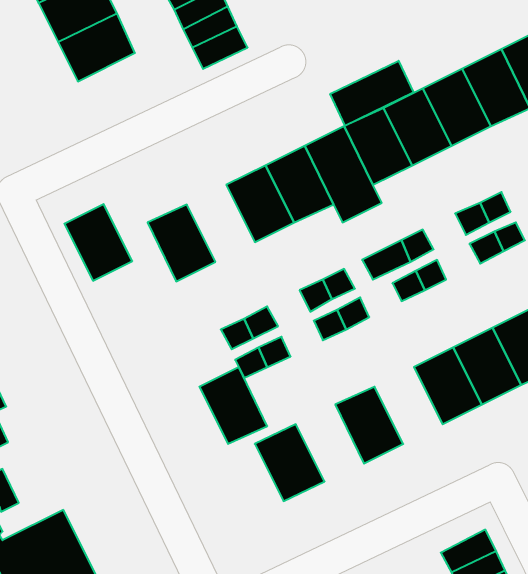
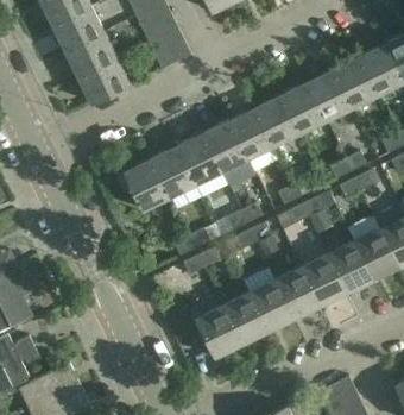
building: none -> [77,58,128,103]
building: [330,61,413,126] -> none
building: [64,204,132,281] -> [150,146,195,197]
building: [199,367,267,444] -> [222,293,267,344]
building: none -> [274,268,320,319]

